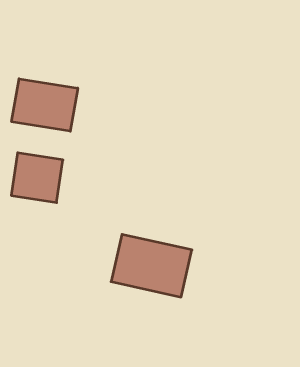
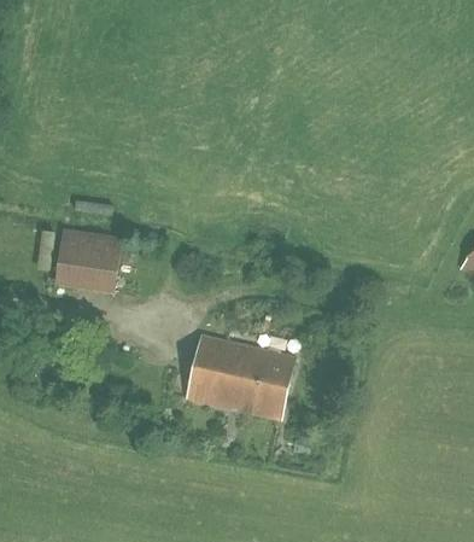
building: [12,79,78,131] -> none

